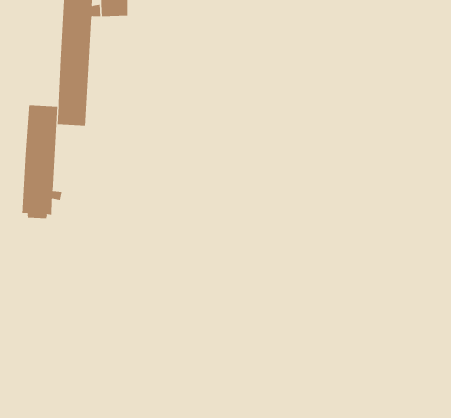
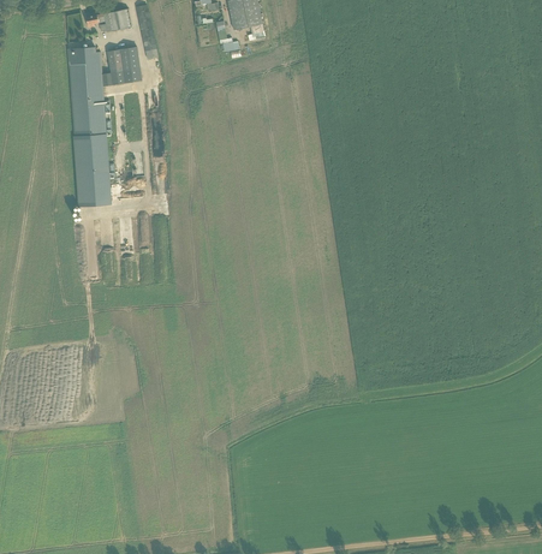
building: [22,104,62,219] -> none

